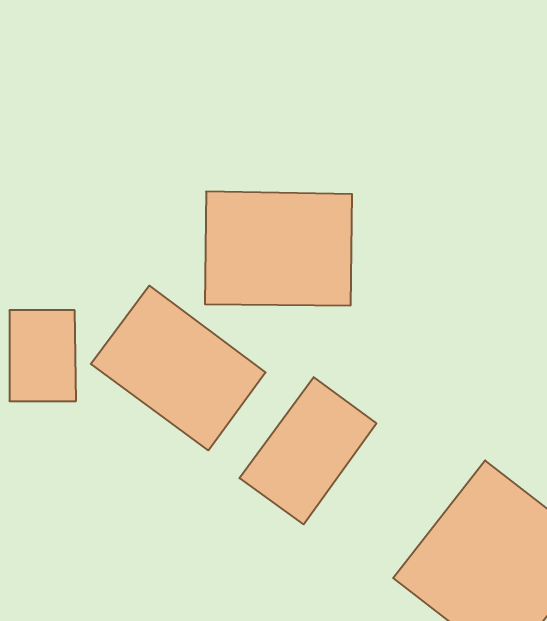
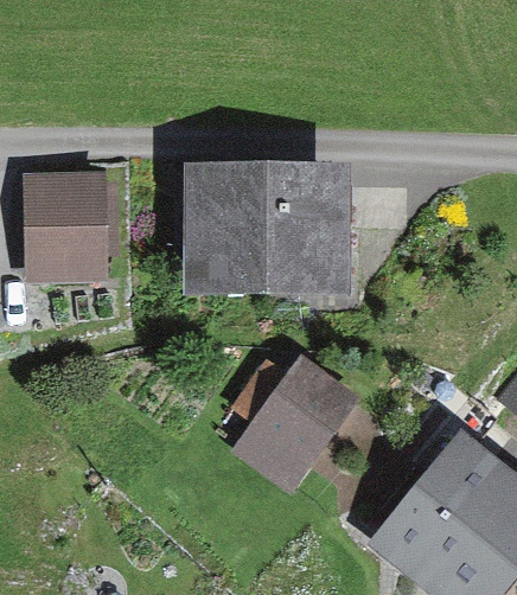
building: [91,286,266,450] -> none
building: [9,310,76,401] -> [34,186,96,270]

